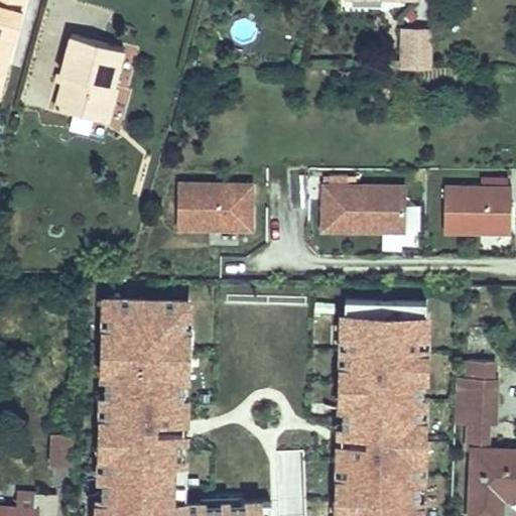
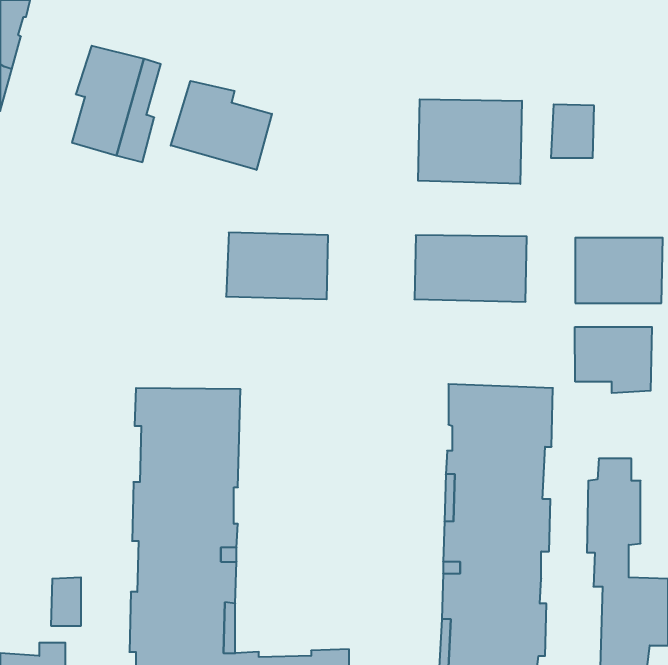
building: [404,30,437,72] -> [551,104,594,158]
building: none -> [171,81,272,170]
building: none -> [418,99,522,184]
building: none -> [575,327,652,393]

